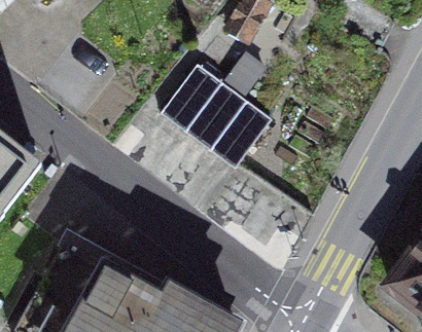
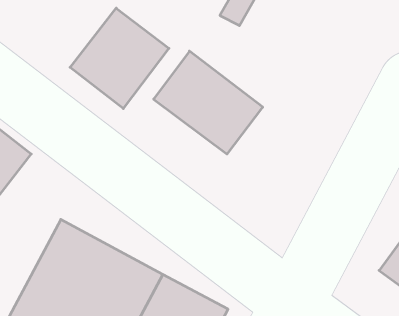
building: none -> [70,8,169,109]

